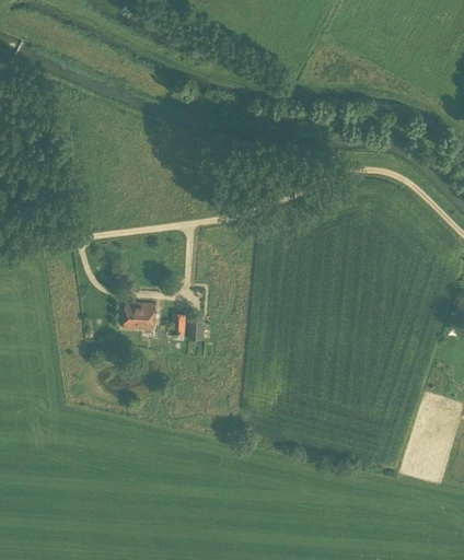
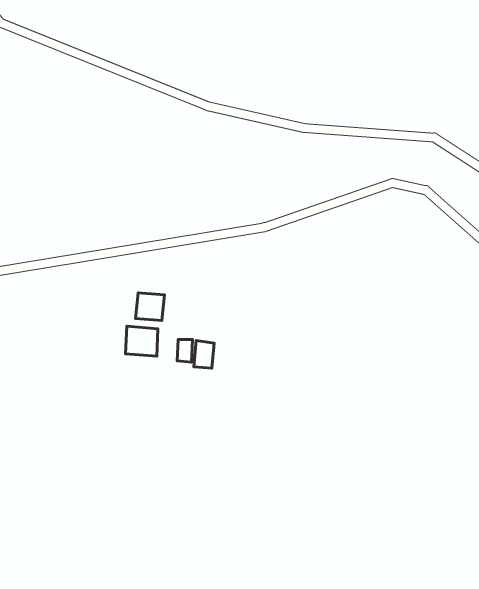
building: none -> [136,293,165,320]

